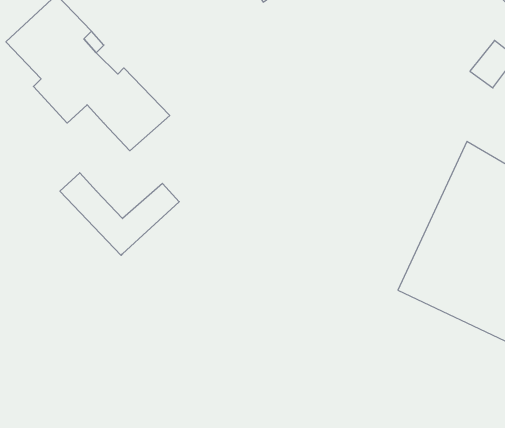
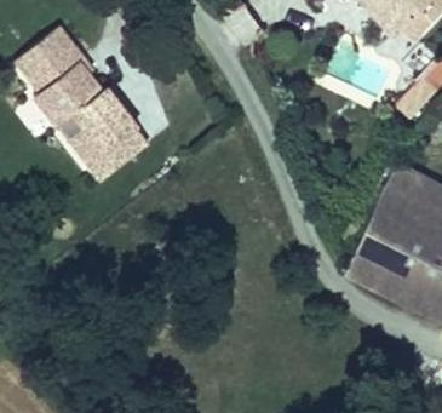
building: [60,173,179,255] -> [63,119,157,184]

